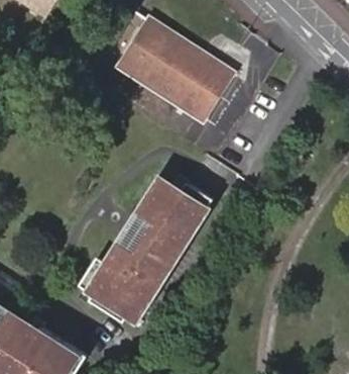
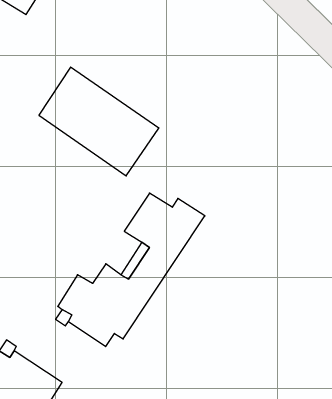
building: [117,16,228,117] -> [39,67,159,176]

